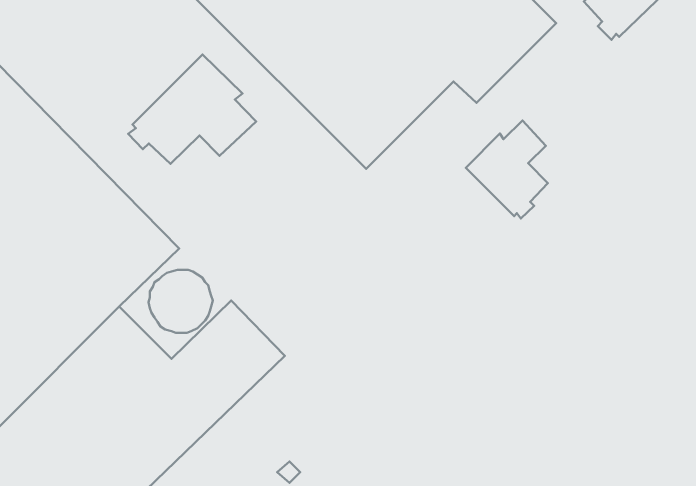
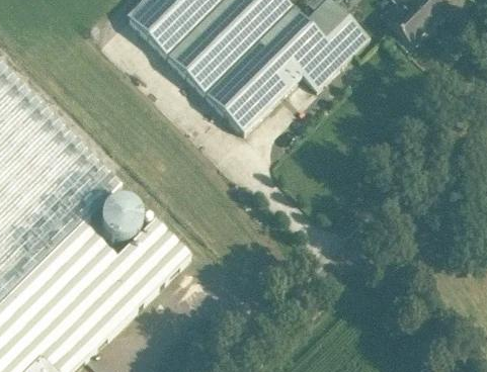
building: [128,55,256,164] -> none
building: [466,120,548,219] -> none

